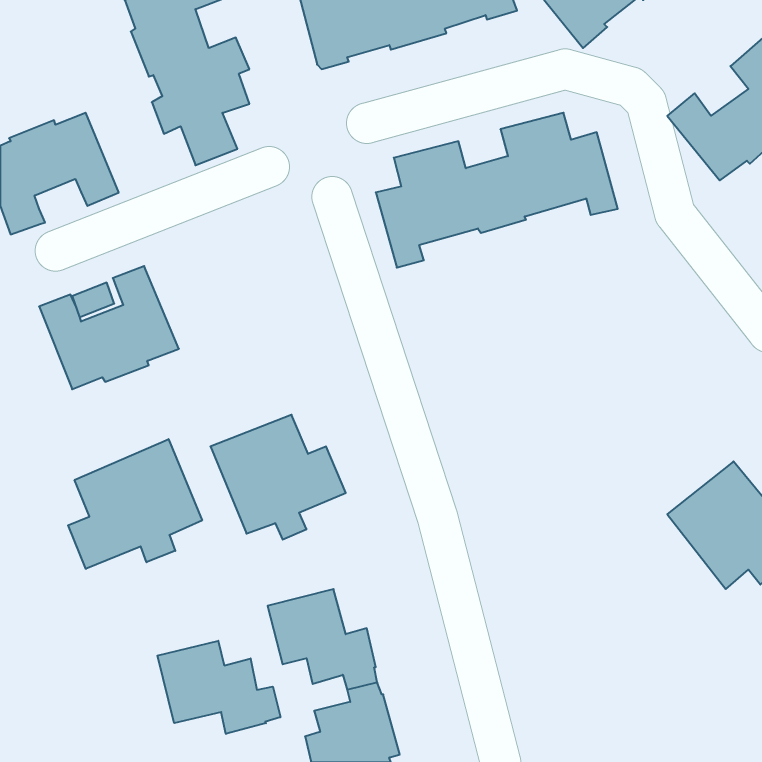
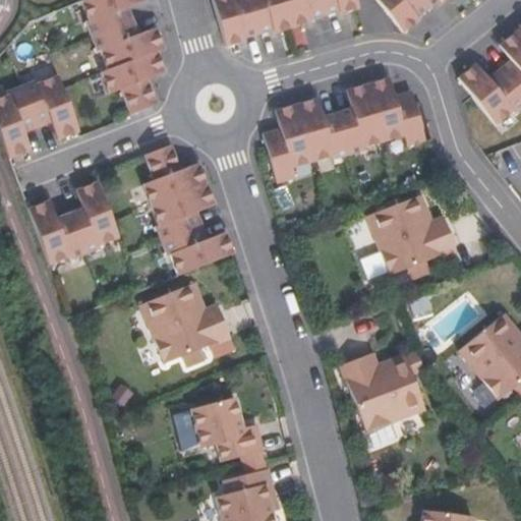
building: none -> [151,141,243,272]
building: none -> [363,193,452,278]
building: [68,439,202,569] -> none
building: none -> [336,345,420,430]
building: [157,641,280,734] -> none

